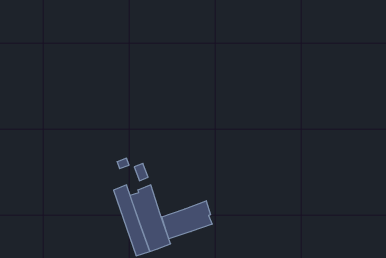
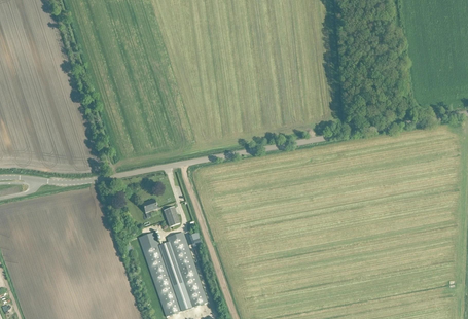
building: [162,201,212,239] -> none

